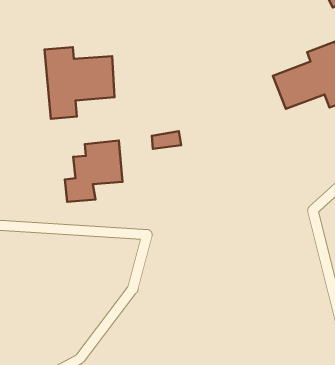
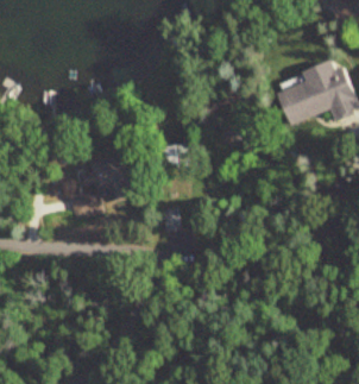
building: [44,47,115,119] -> none

